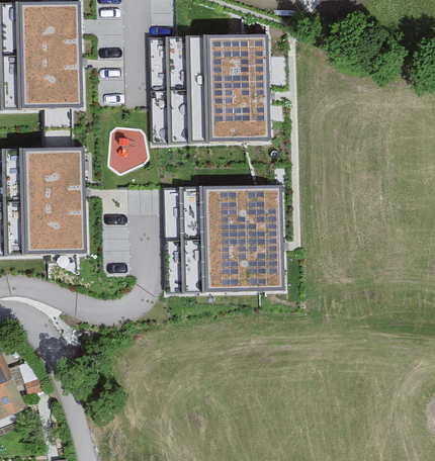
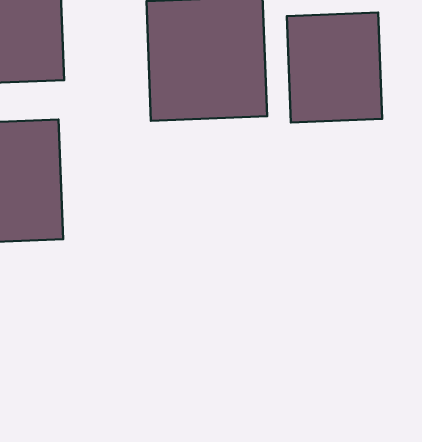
building: none -> [287,13,382,122]
building: [175,185,284,296] -> none

